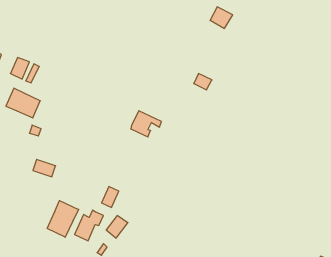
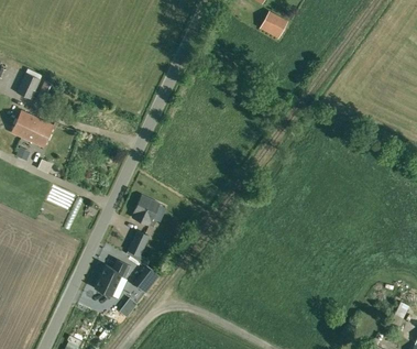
building: [131,111,161,137] -> [132,195,169,227]
building: [47,201,79,237] -> none

